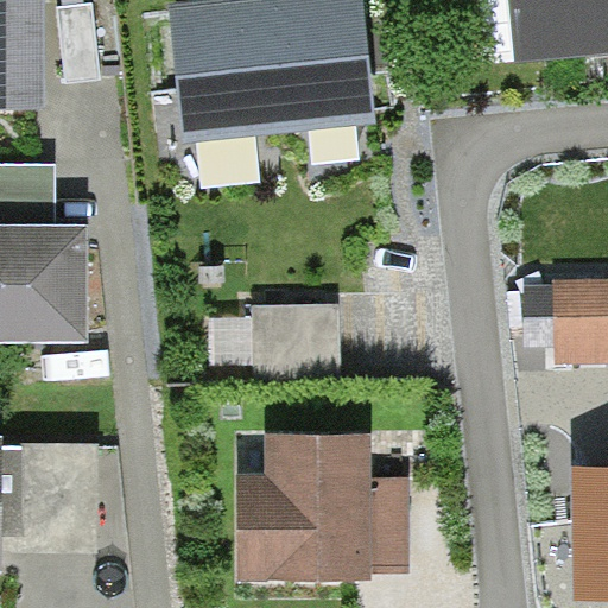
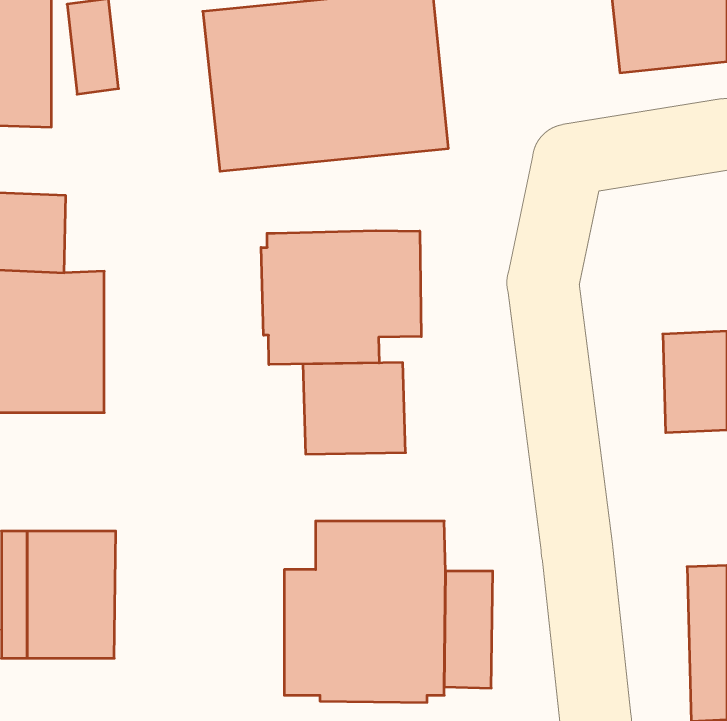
building: none -> [261,231,421,365]

